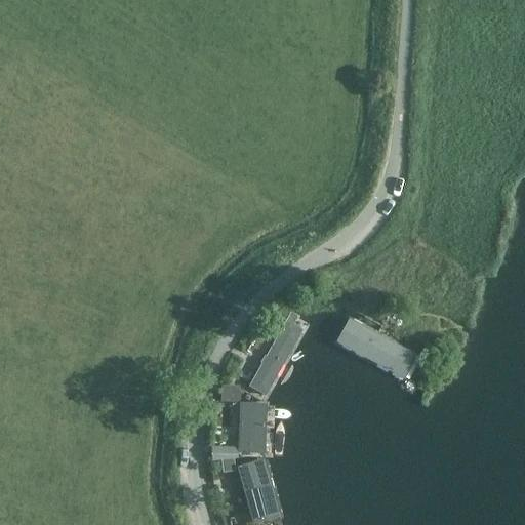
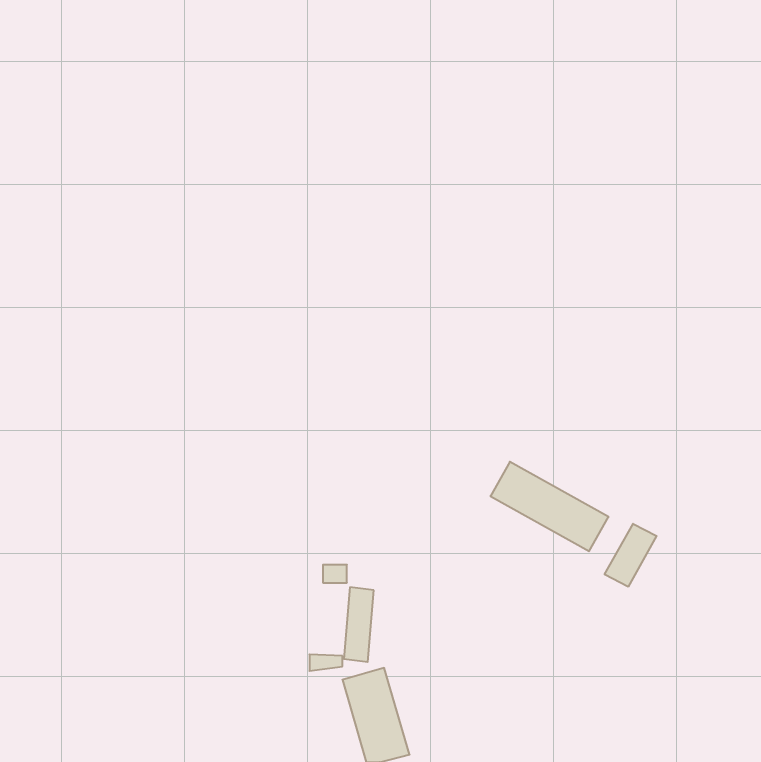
building: [250,321,302,397] -> none
building: none -> [605,524,657,587]

